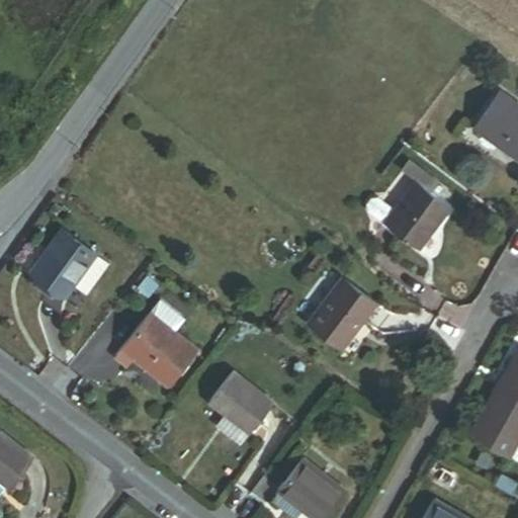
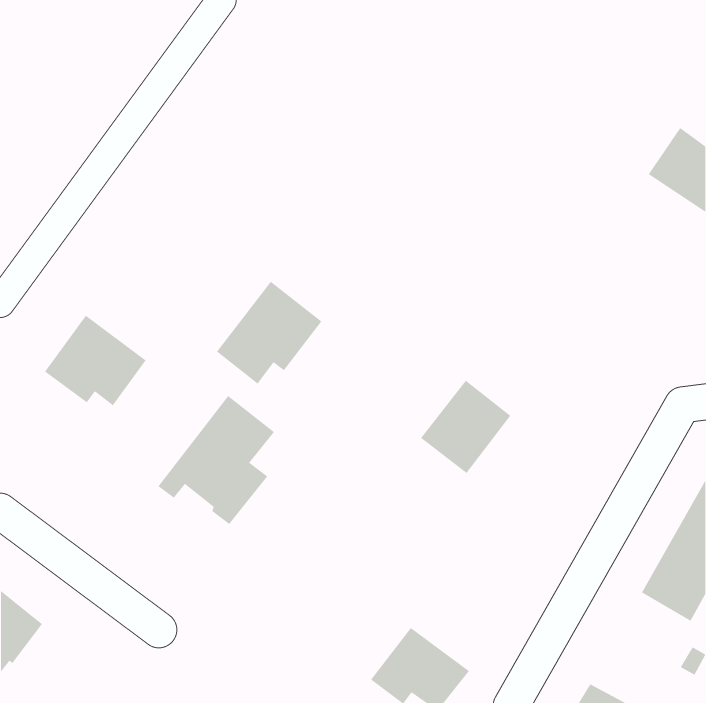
building: [366,161,450,251] -> none
building: none -> [216,281,322,385]
building: [209,374,270,443] -> none

